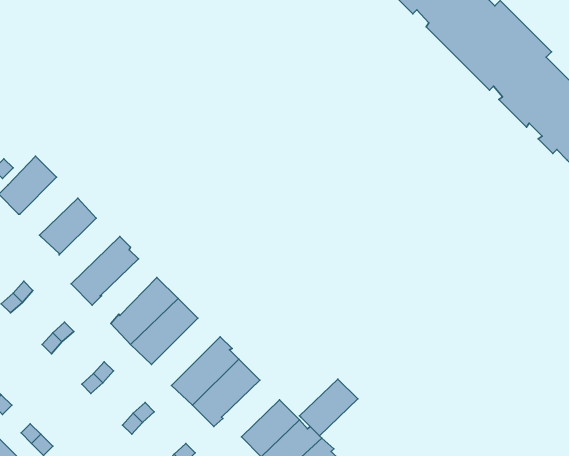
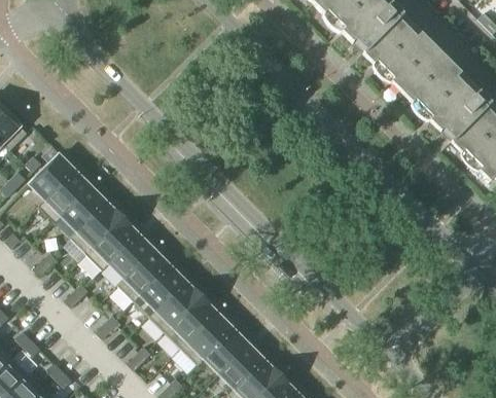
building: none -> [38,170,92,222]
building: none -> [70,202,125,253]
building: none -> [109,233,153,278]
building: none -> [149,280,203,332]
building: [300,379,358,436] -> [204,328,249,372]

